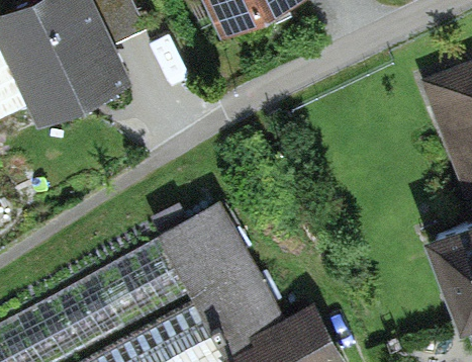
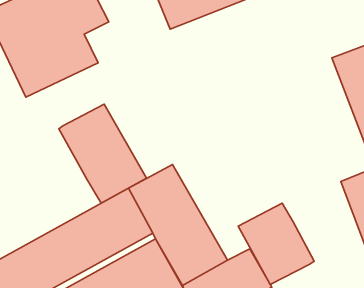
building: none -> [59,104,146,203]
building: none -> [238,203,314,284]

